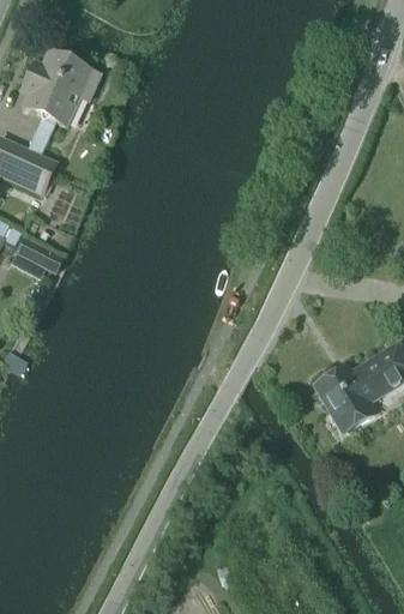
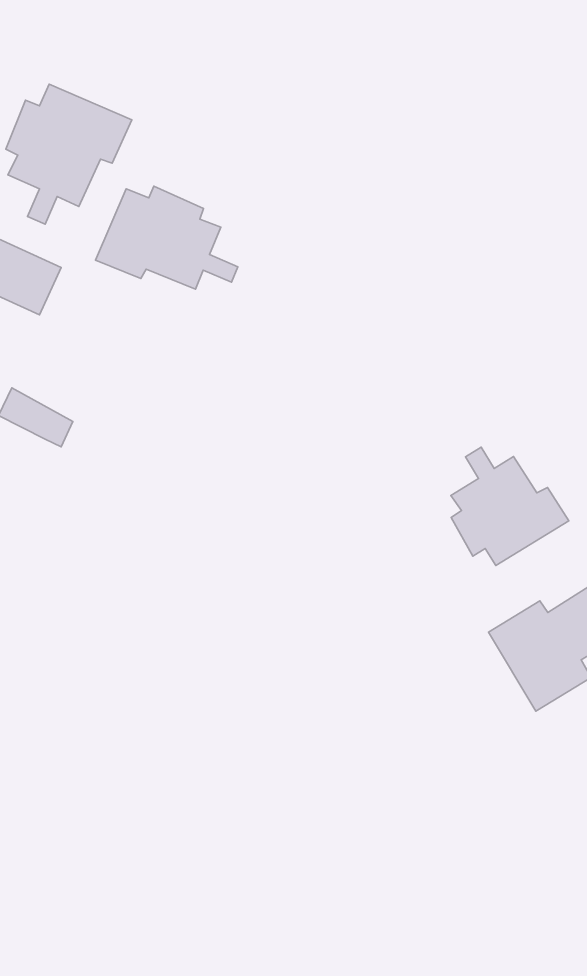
building: none -> [96,186,238,289]
building: none -> [451,447,569,565]

